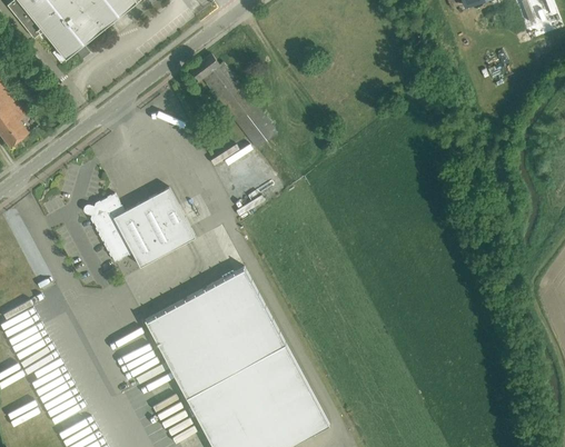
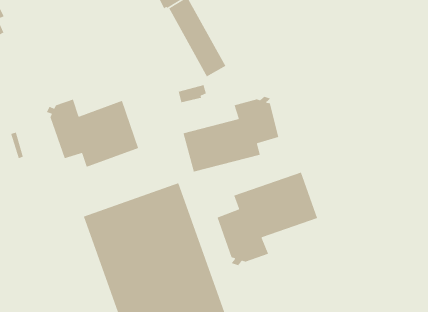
building: none -> [183,96,279,173]
building: none -> [216,172,318,266]

